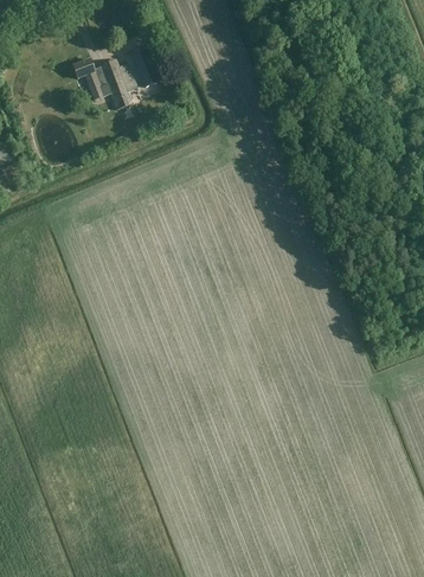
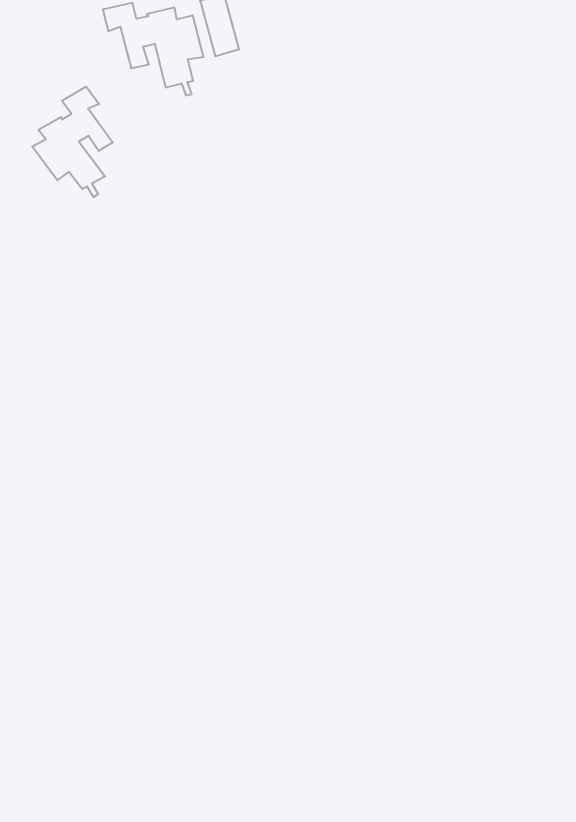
building: none -> [32,87,113,197]

